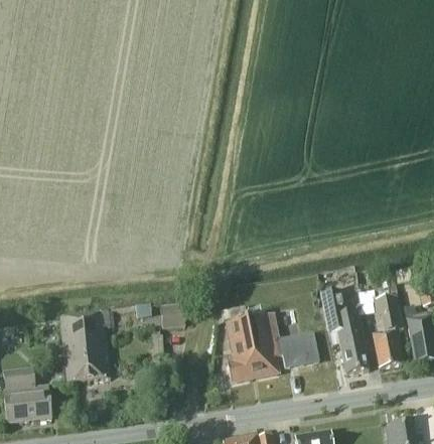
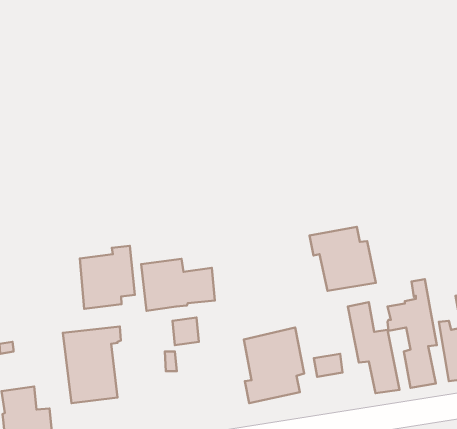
building: none -> [310,227,376,291]
building: none -> [80,246,135,309]
building: none -> [141,259,215,311]

